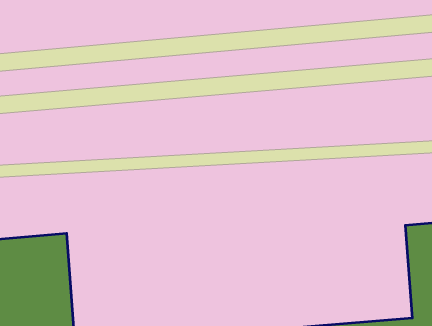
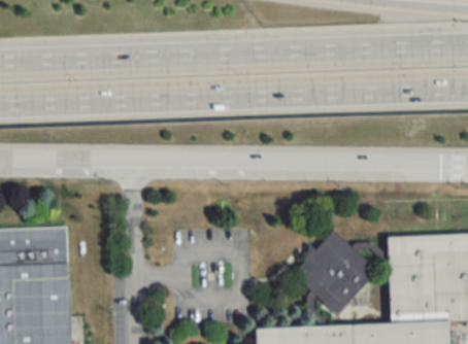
building: none -> [292,230,377,314]

